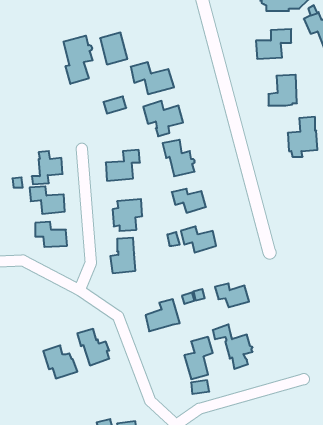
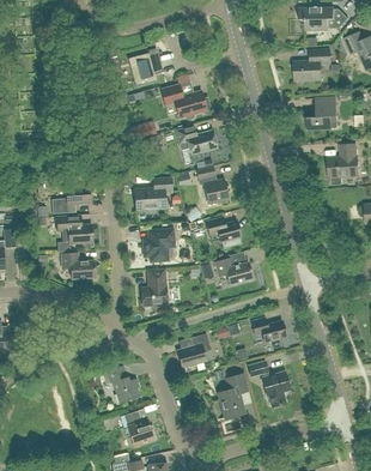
building: [64,36,93,84] -> none
building: [43,345,77,378] -> [120,410,156,445]

